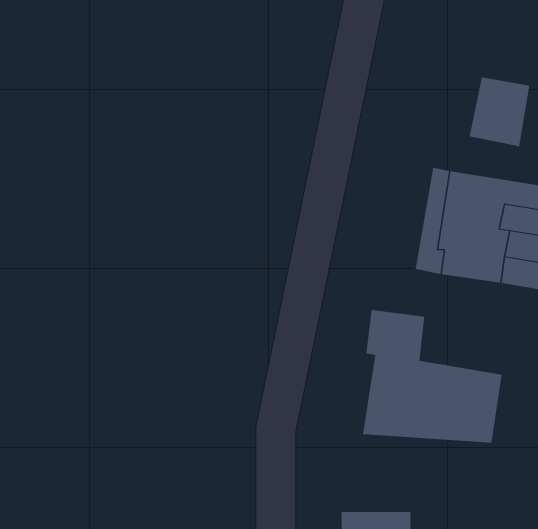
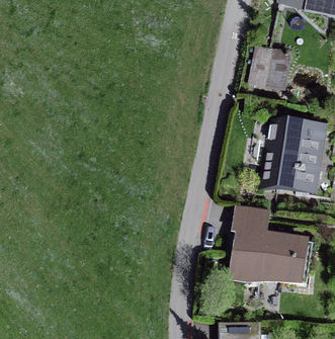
building: [469,77,530,147] -> [255,48,290,88]

